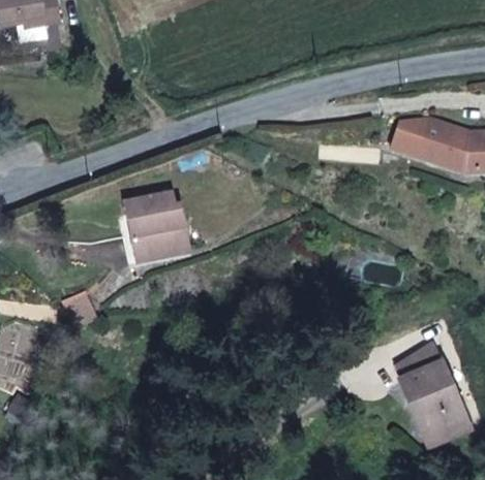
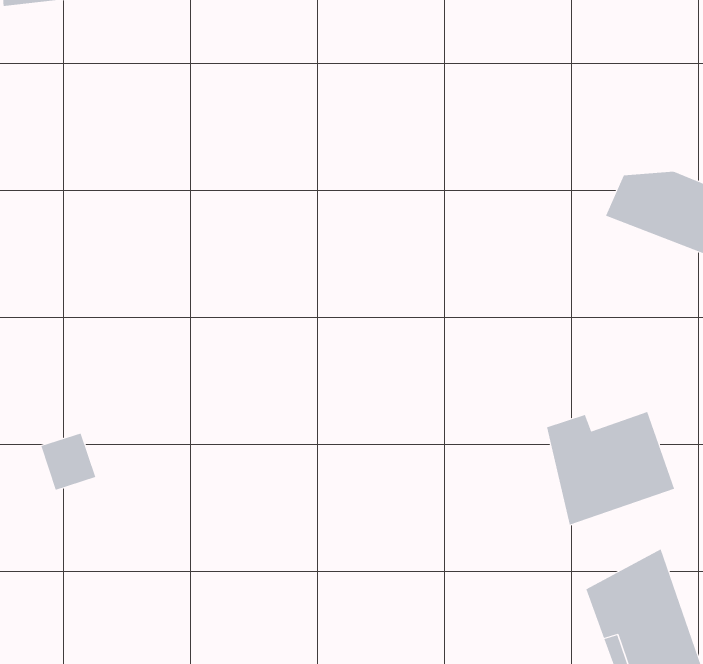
building: [123,193,184,260] -> none
building: none -> [546,411,675,526]

